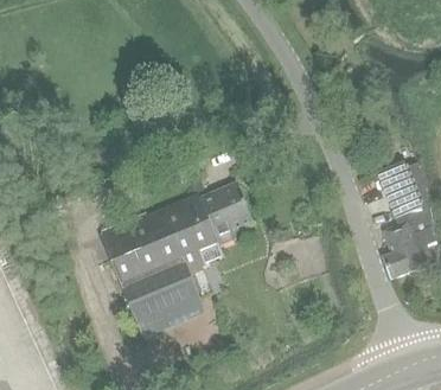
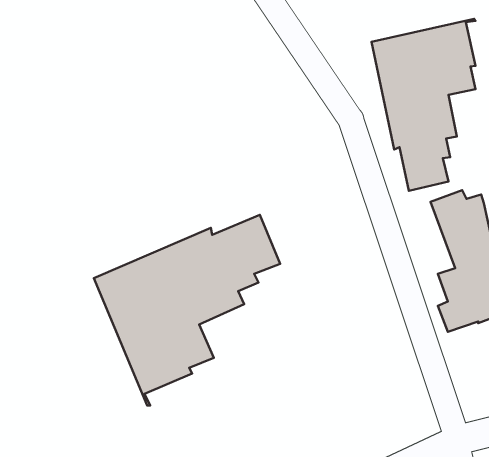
building: none -> [371,19,476,191]

